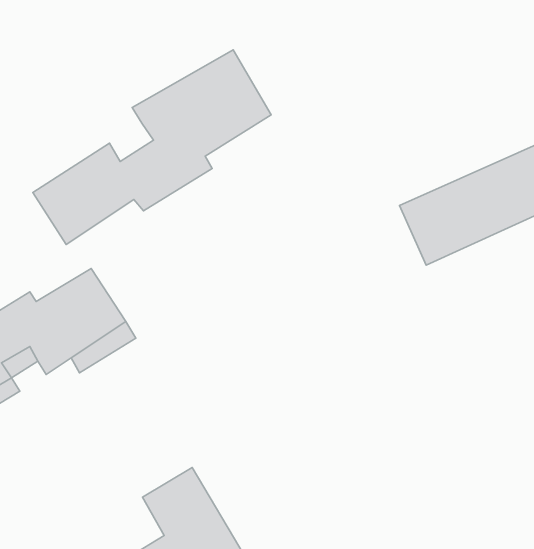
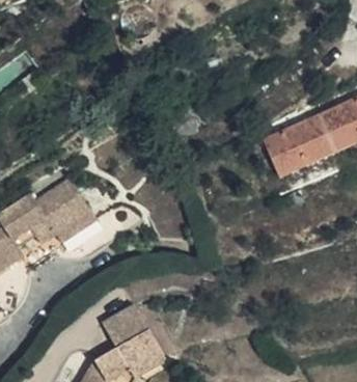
building: [33,50,271,245] -> none

